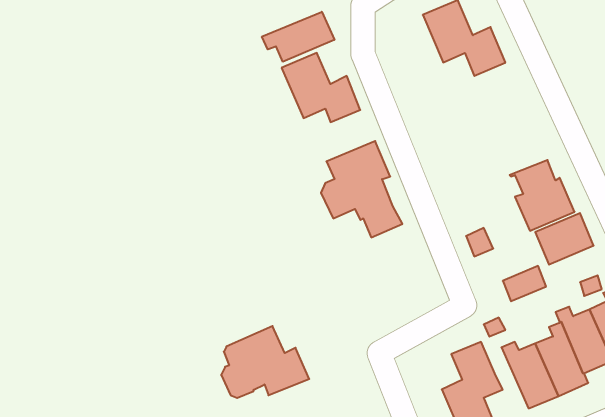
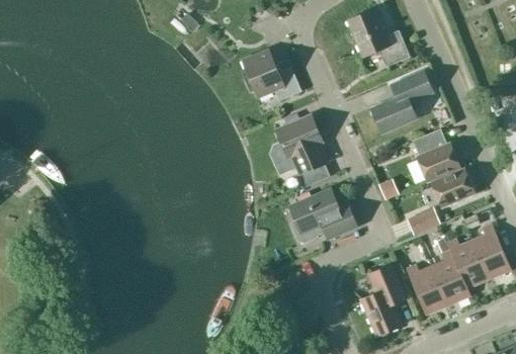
building: [262,12,334,62] -> none
building: none -> [371,71,432,132]
building: [221,326,309,398] -> [291,188,357,242]

